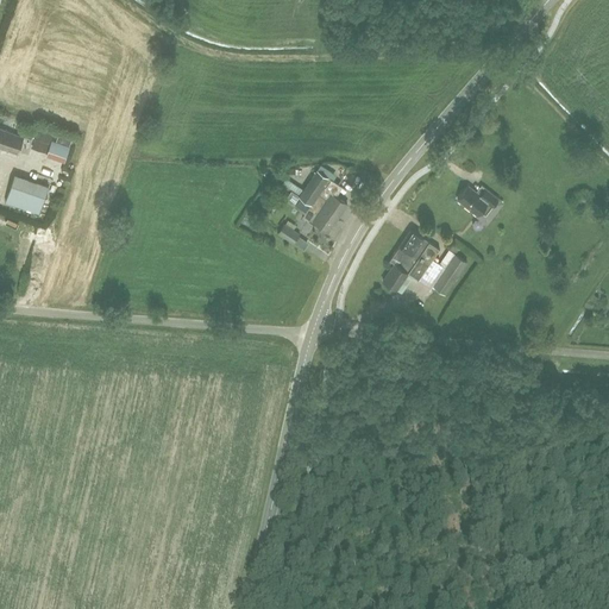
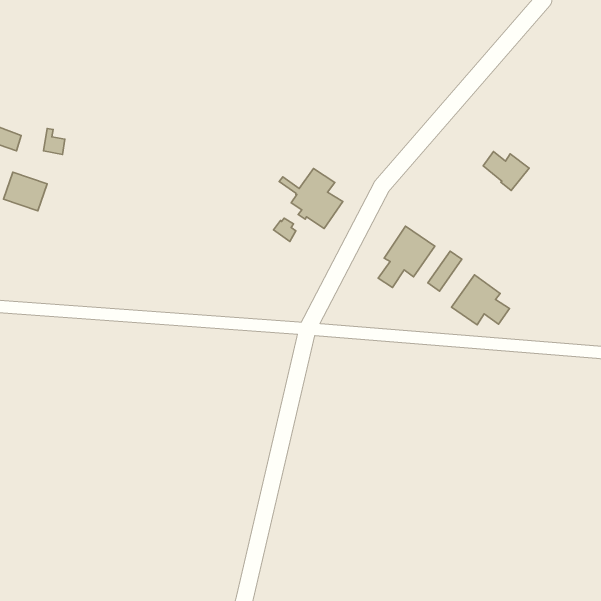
building: [457,187,503,226] -> [483,152,529,190]
building: none -> [452,275,510,325]

